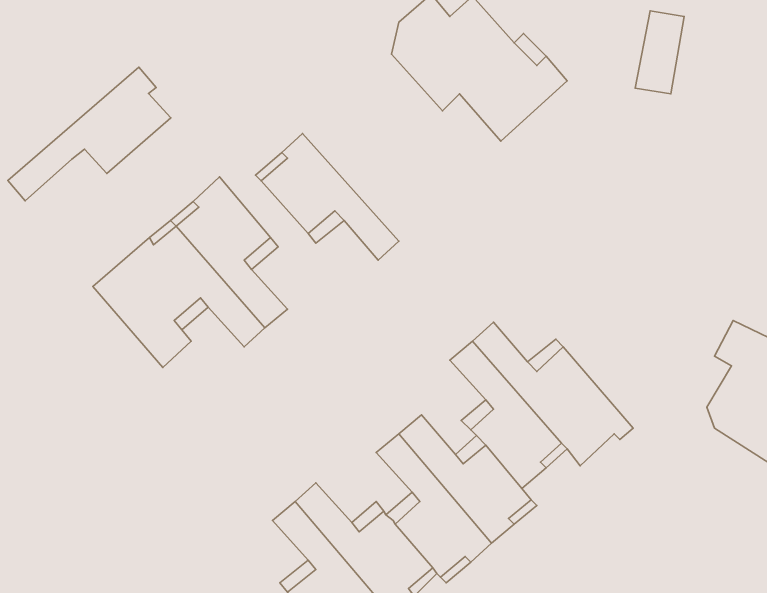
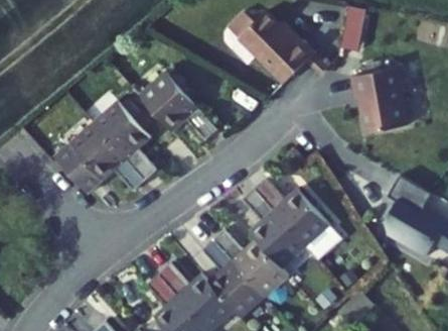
building: [8,67,171,201] -> none
building: none -> [339,67,396,132]

